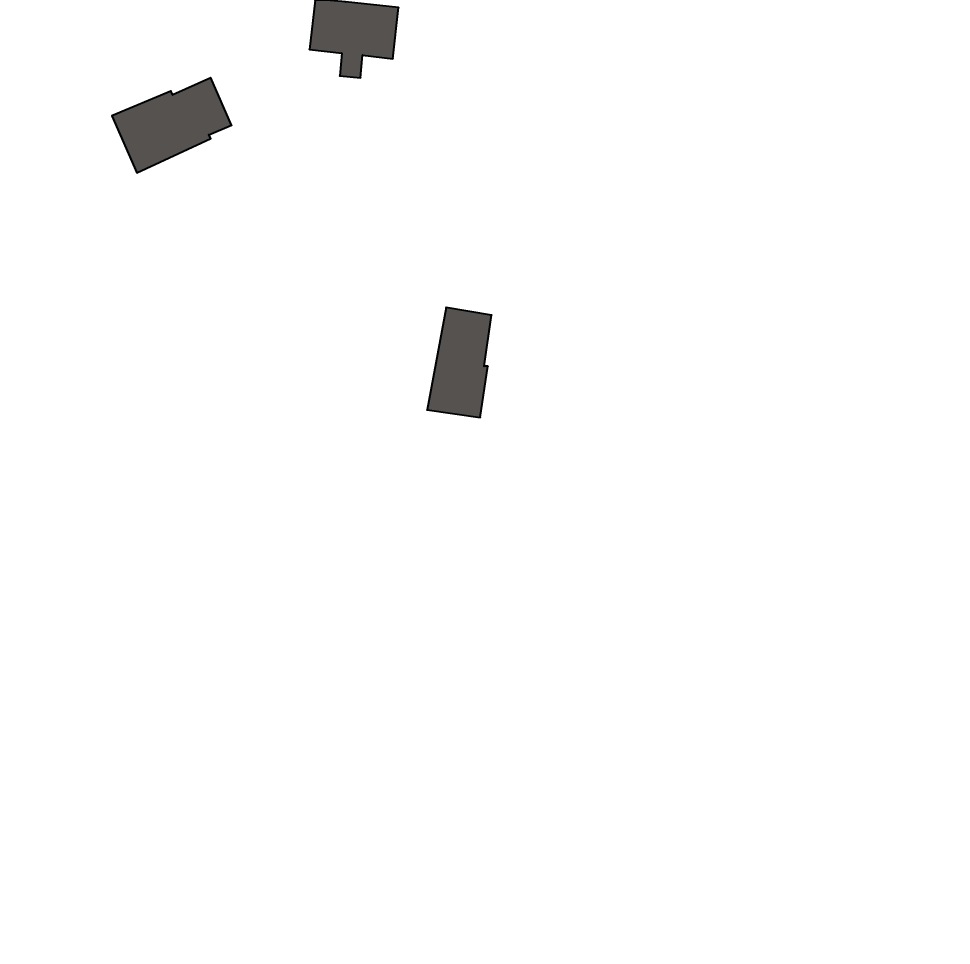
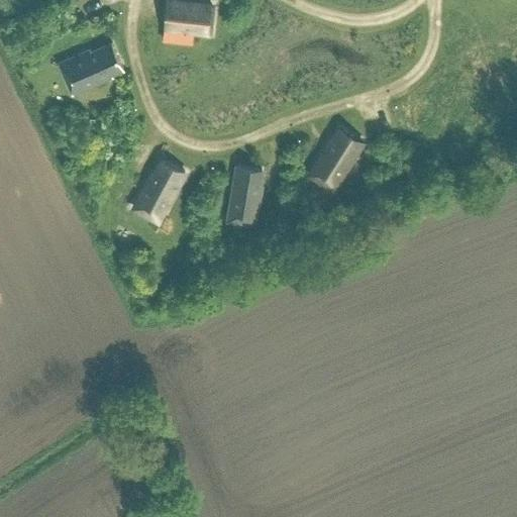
building: none -> [310,129,363,190]
building: none -> [134,161,185,222]

